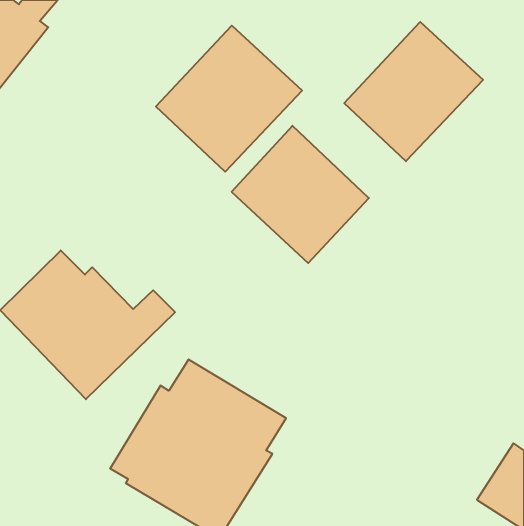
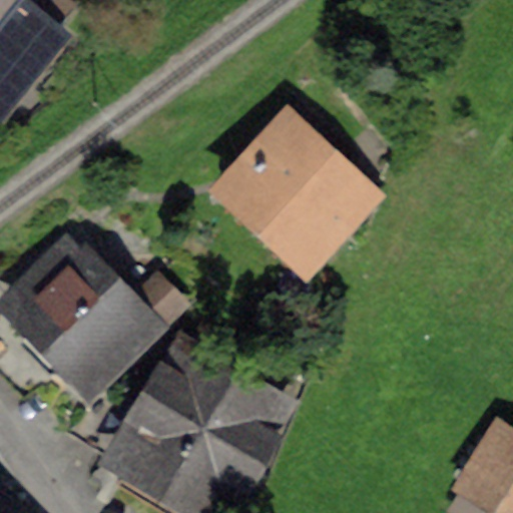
building: [344,22,483,161] -> none
building: [156,26,302,172] -> none

